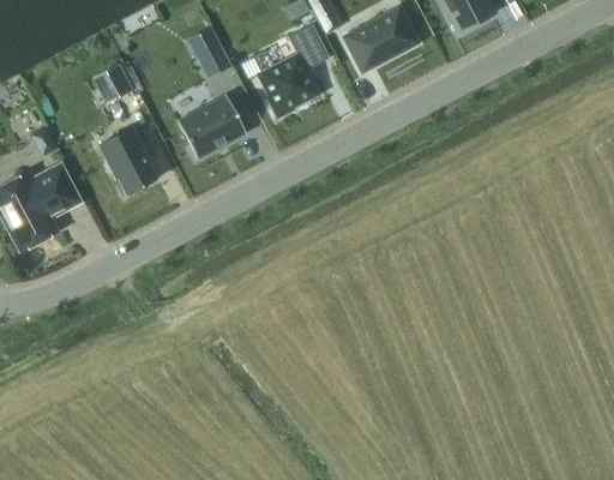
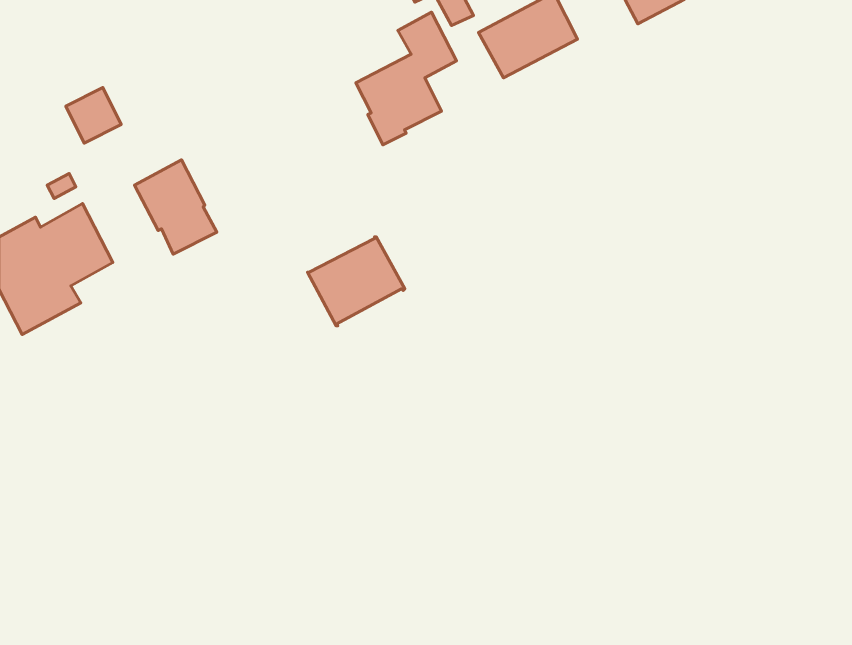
building: [195,38,230,76] -> none
building: [94,62,133,102] -> [66,88,121,143]
building: [177,94,247,157] -> [308,237,405,326]

